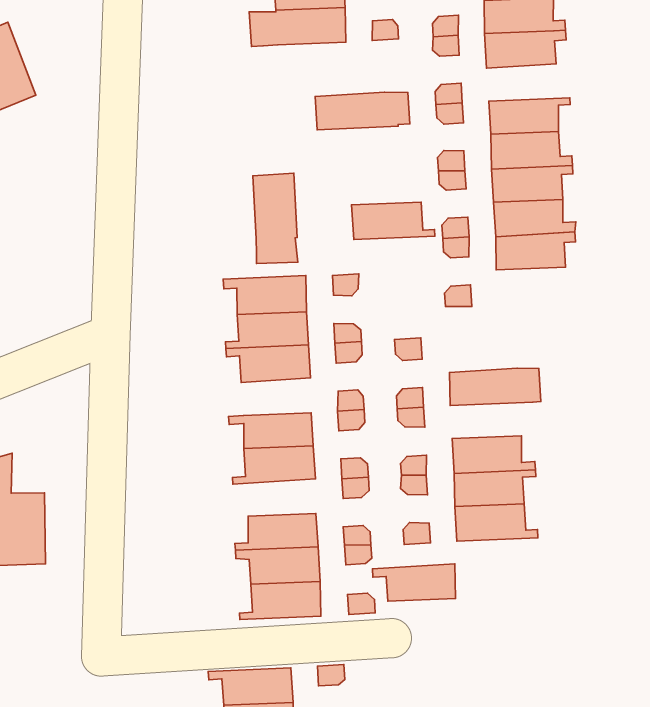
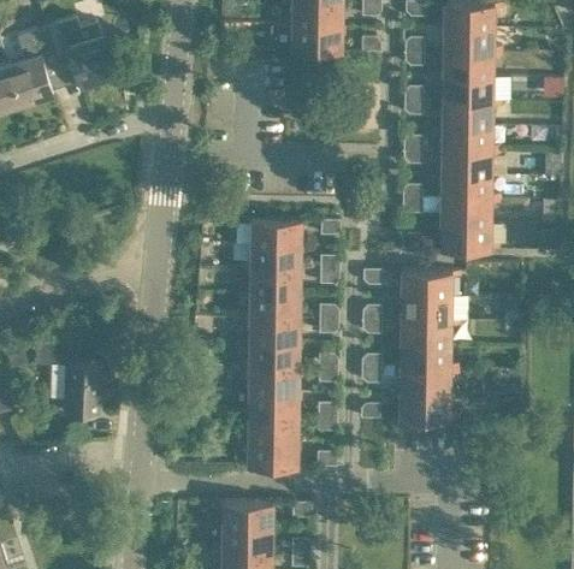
building: [315,92,410,130] -> [443,77,510,102]
building: [253,173,298,263] -> none
building: [352,202,435,240] -> [440,224,499,250]
building: none -> [402,271,461,296]
building: none -> [239,294,301,319]
building: none -> [401,320,461,345]
building: [372,564,456,601] -> [239,367,300,392]

